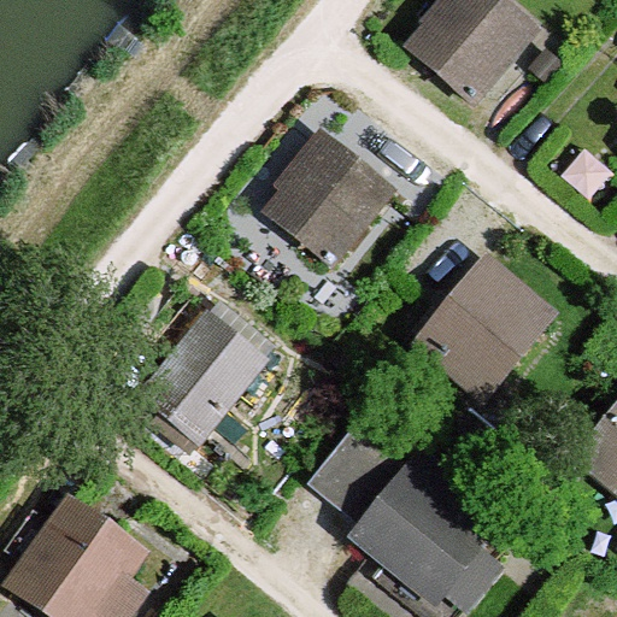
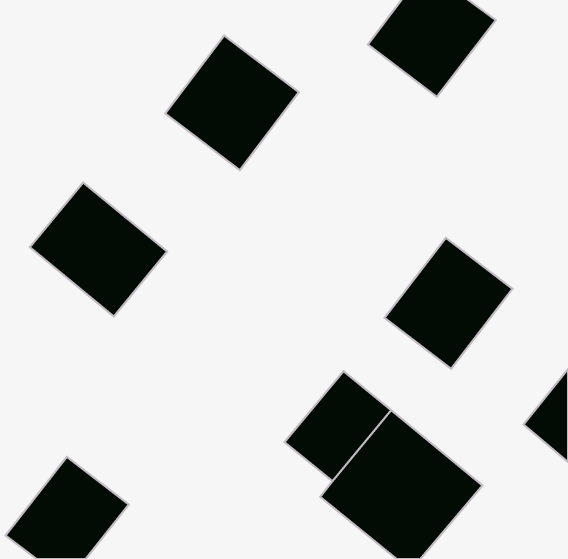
building: [258,123,402,269] -> [165,36,299,170]
building: none -> [30,182,167,316]
building: [139,306,275,446] -> none

